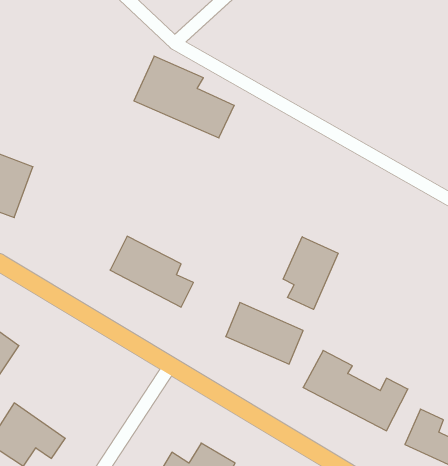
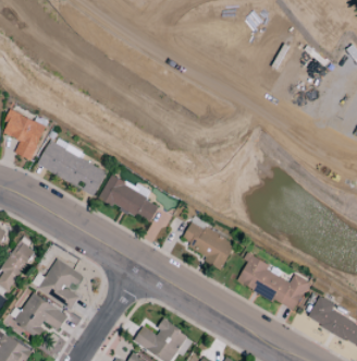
building: [134,56,234,138] -> [36,136,107,194]
building: [283,237,338,309] -> none
building: none -> [30,258,82,309]

